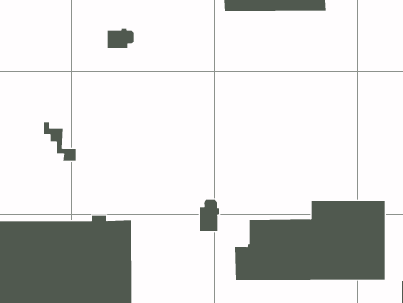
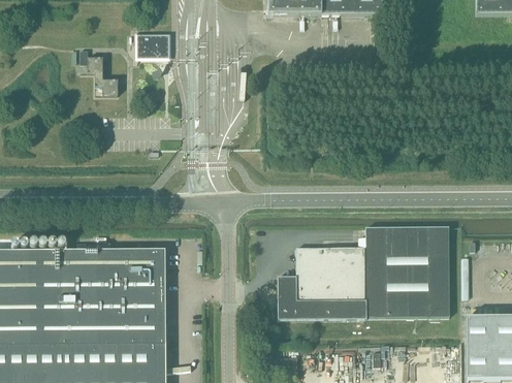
building: [43,122,76,161] -> [79,51,117,95]
building: [199,199,220,232] -> none

